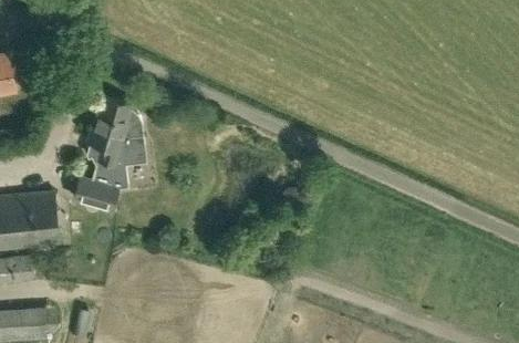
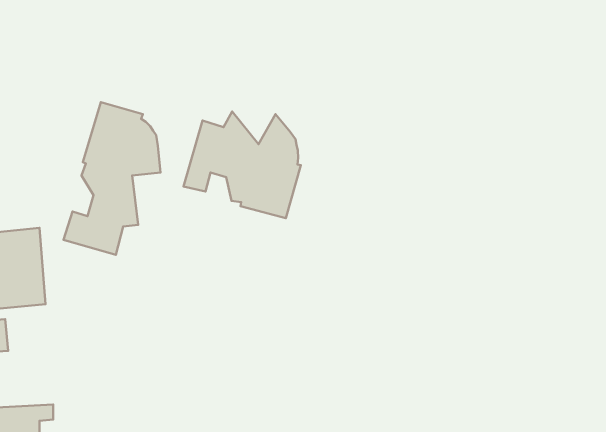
building: none -> [184,111,301,218]

